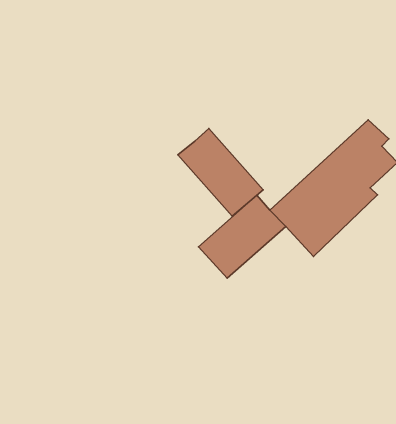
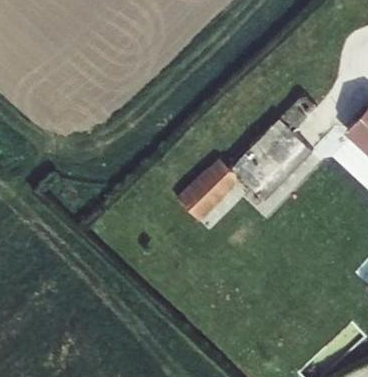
building: [178,129,263,216] -> none

